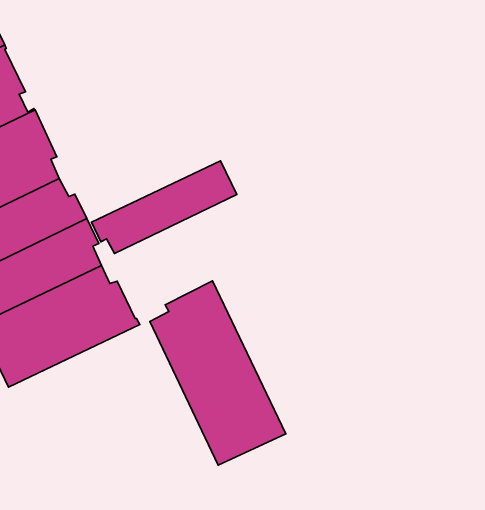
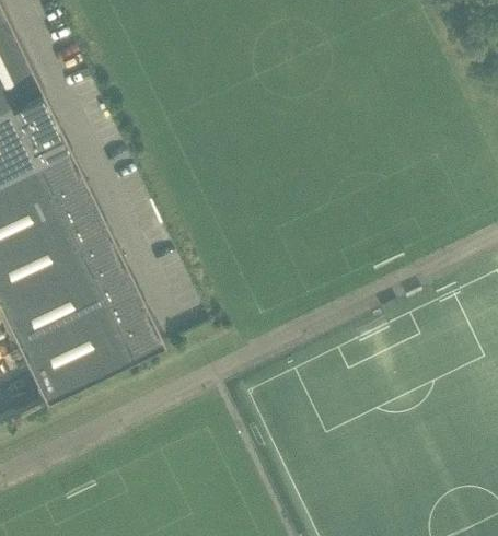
building: [91,161,237,253] -> none
building: [150,281,286,465] -> none

